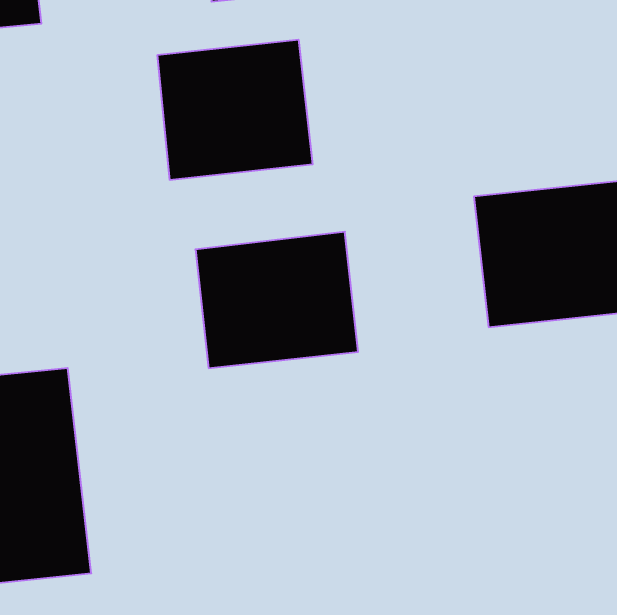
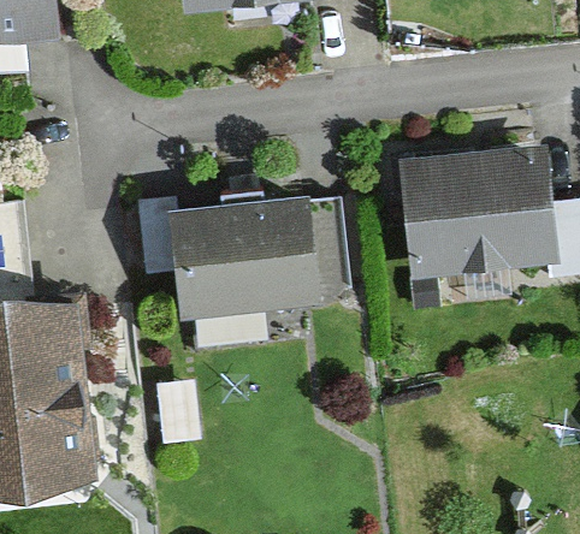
building: [158,40,313,180] -> none

